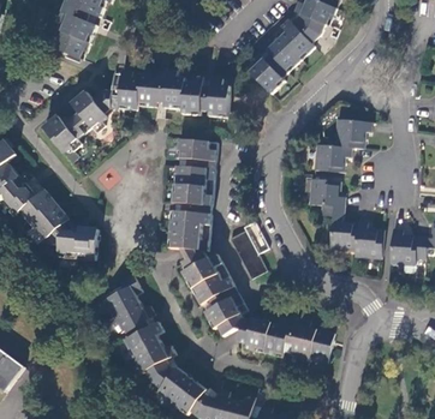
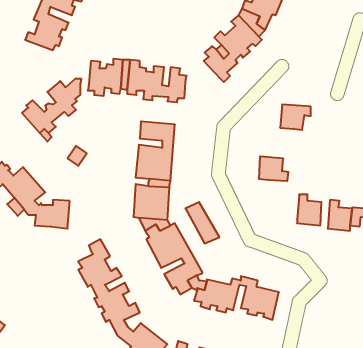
building: [316,145,351,172] -> none
building: [321,205,357,250] -> none

